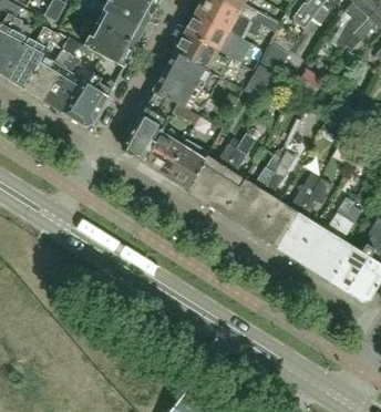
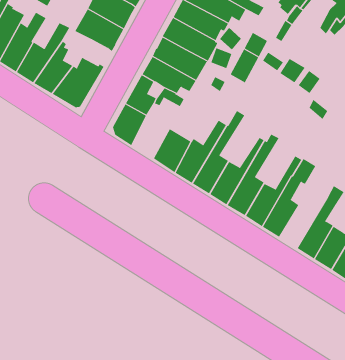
building: [143,132,182,176] -> none
building: [295,199,350,268] -> none

